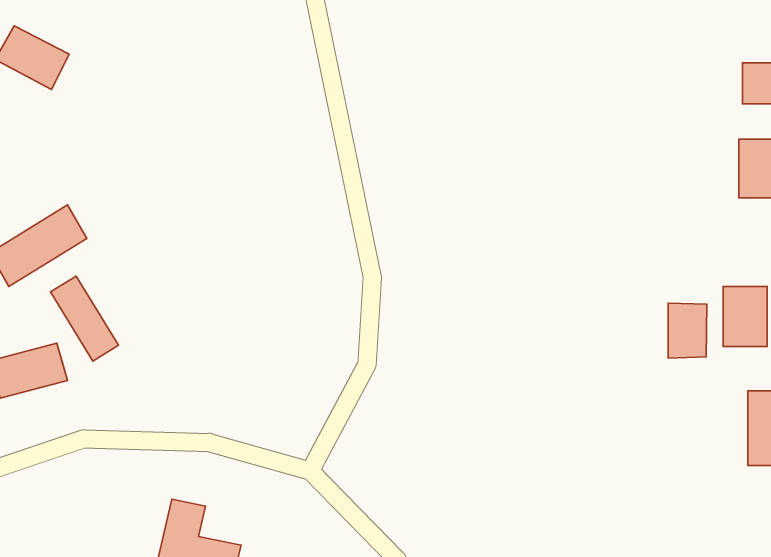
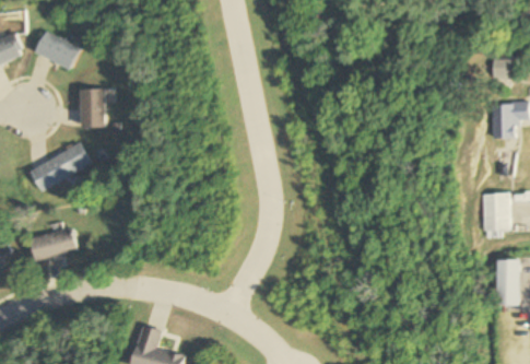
building: none -> [79,90,104,128]
building: [50,276,119,361] -> none
building: [668,303,707,358] -> none

